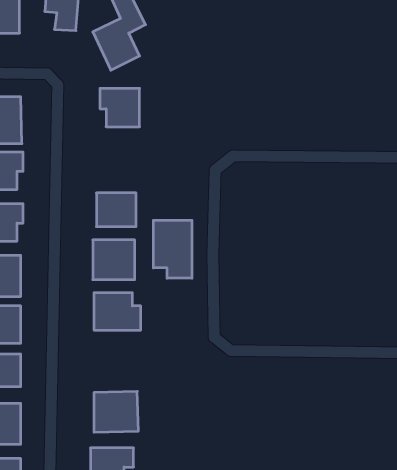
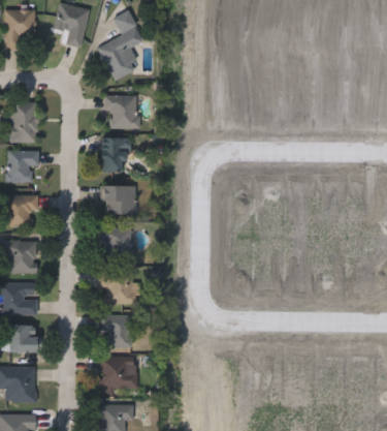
building: none -> [101,138,125,174]
building: [153,220,192,278] -> none
building: none -> [98,315,129,348]

